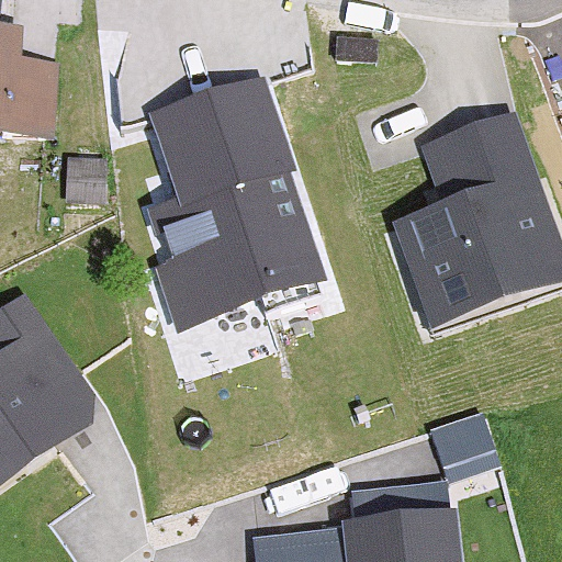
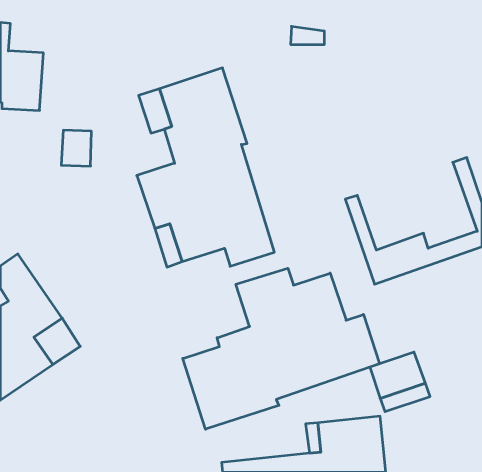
building: [415,123,555,291] -> none
building: none -> [183,268,380,429]

